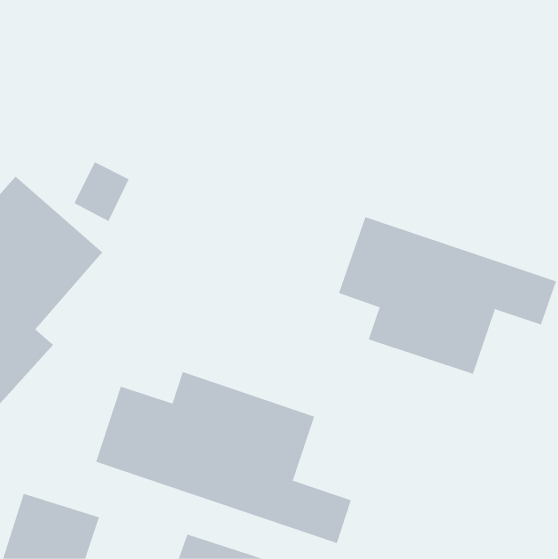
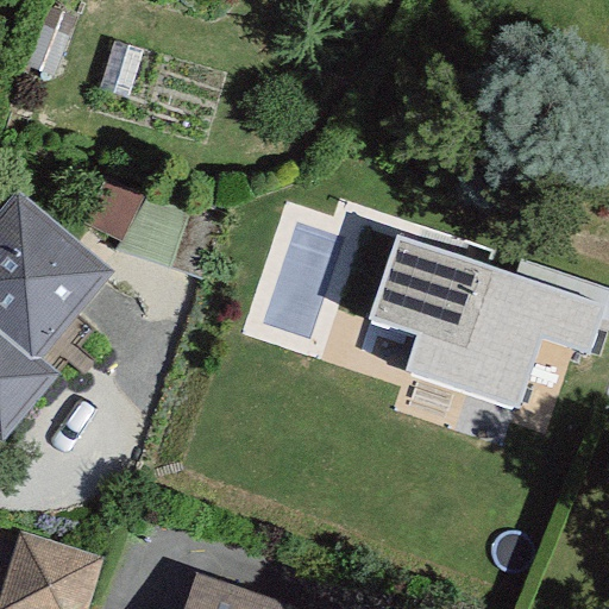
building: [95,371,351,544] -> none

